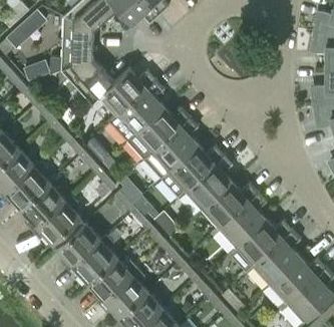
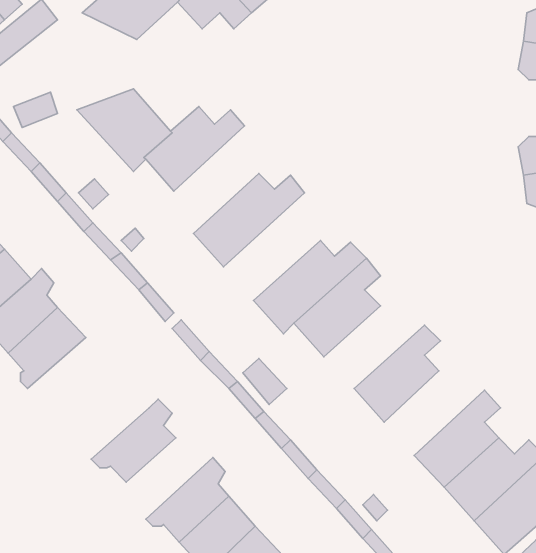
building: [60,15,94,70] -> none
building: [109,79,164,140] -> none
building: [143,117,199,179] -> none
building: [201,182,258,229] -> none
building: [32,195,81,243] -> none
building: [229,219,292,272] -> none
building: [56,222,101,269] -> none
building: [88,257,137,303] -> none

